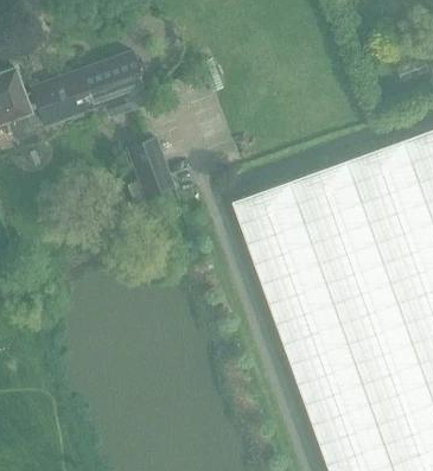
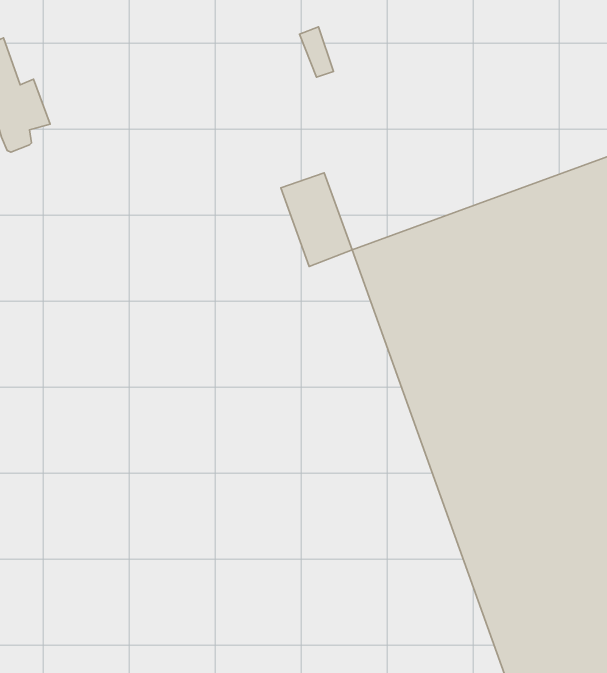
building: [31,52,151,126] -> none
building: [127,139,172,198] -> [281,173,352,267]

